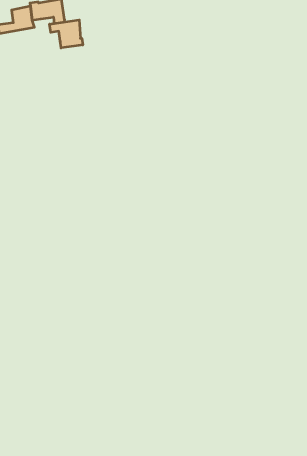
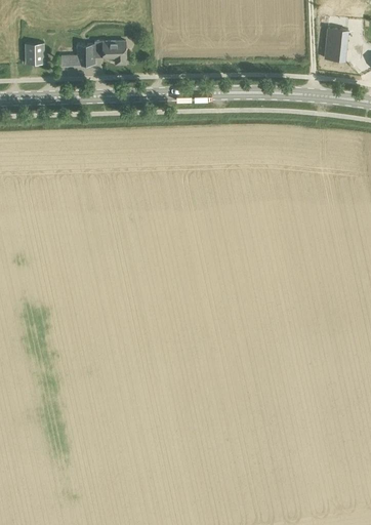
building: [50,20,83,48] -> none

